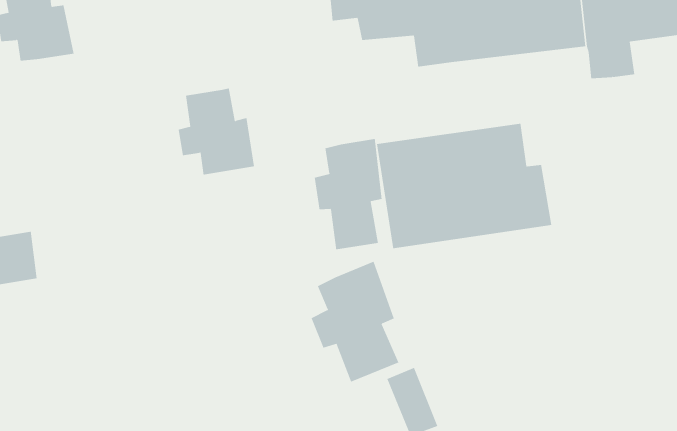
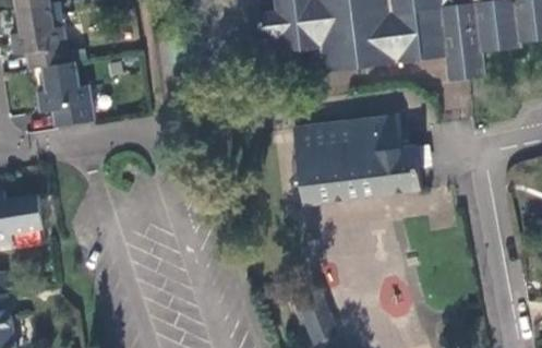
building: [178,88,255,175] -> [37,62,94,127]
building: [314,138,382,250] -> none
building: [311,261,399,382] -> none

